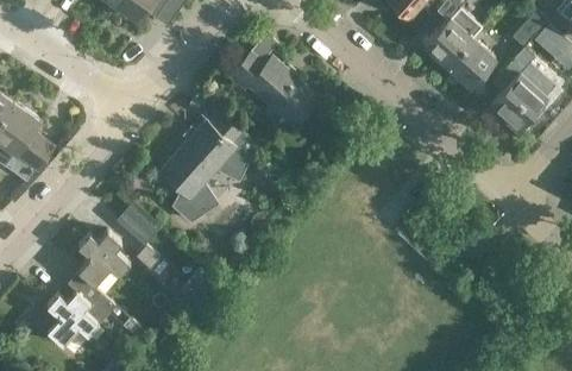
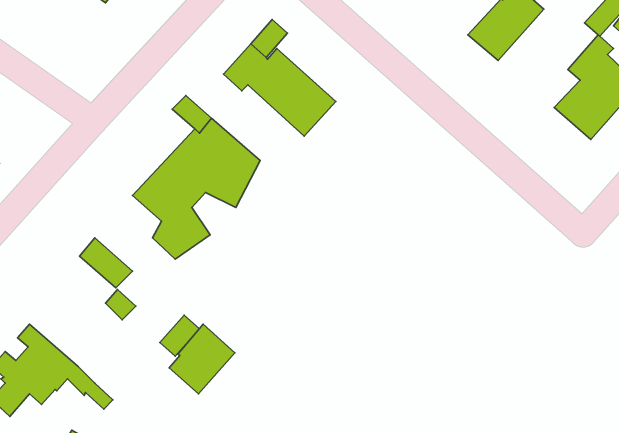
building: [445,27,492,88] -> none
building: [78,233,131,288] -> none
building: none -> [169,324,235,394]

